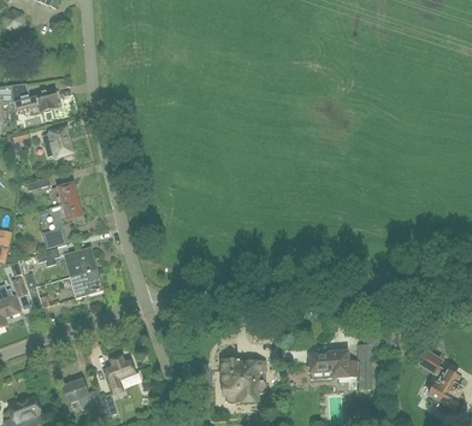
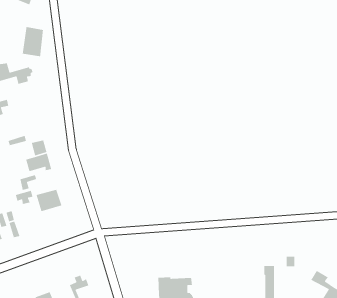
building: none -> [22,26,44,57]
building: [42,128,75,161] -> none
building: [70,267,104,297] -> none
building: [308,350,358,378] -> none

